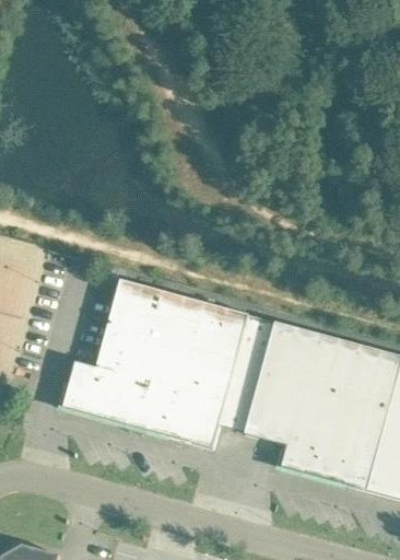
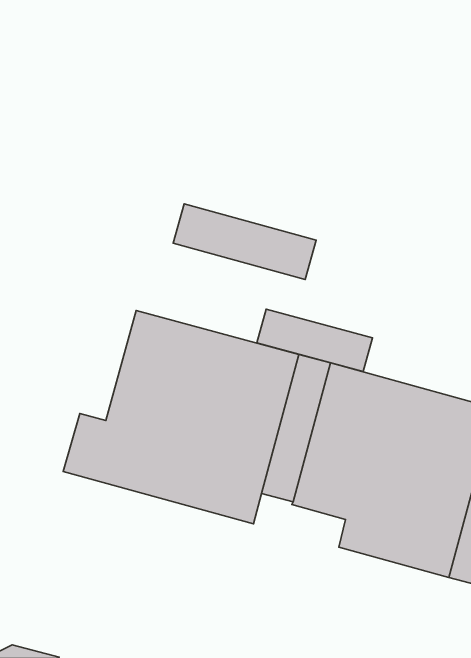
building: none -> [173,204,316,280]
building: none -> [257,309,372,372]

